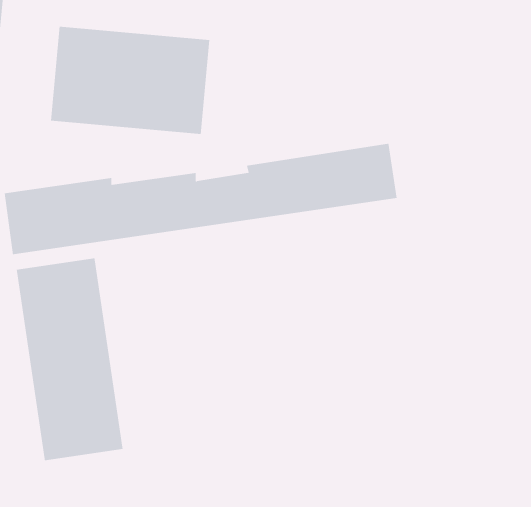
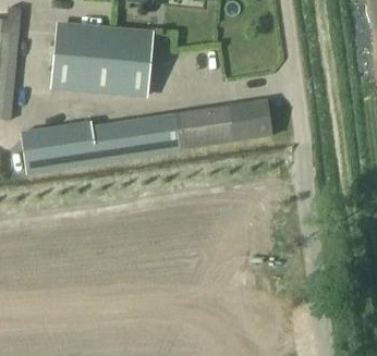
building: [16,257,123,461] -> none

